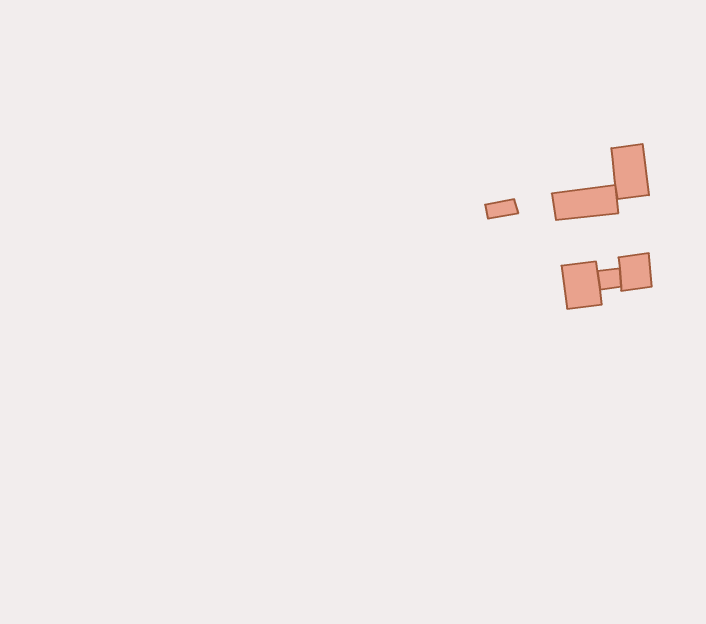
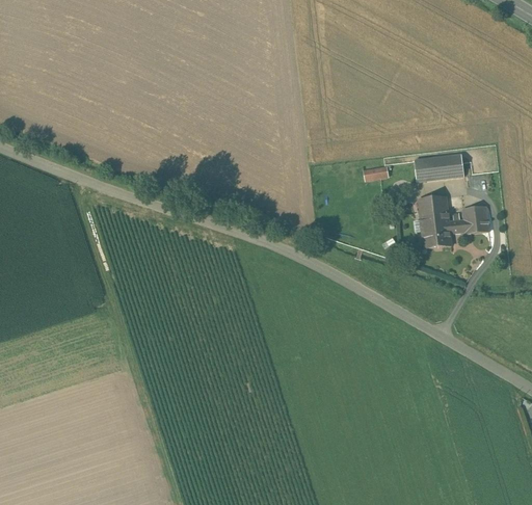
building: [611,144,649,199] -> none
building: none -> [419,194,447,214]

